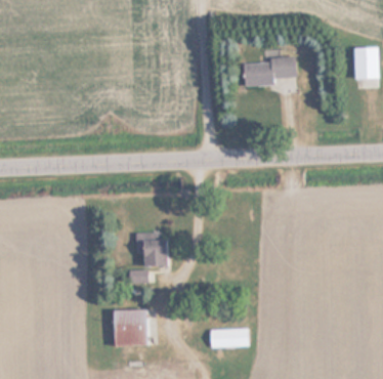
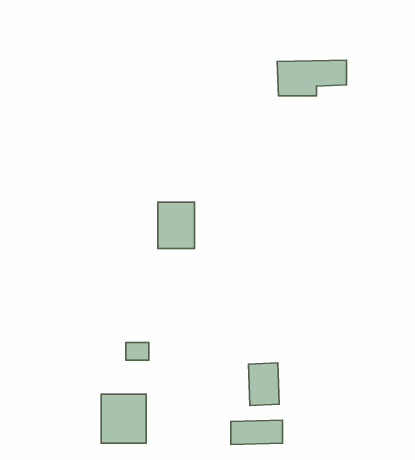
building: [139,233,167,267] -> [158,202,194,249]
building: none -> [249,363,279,406]

